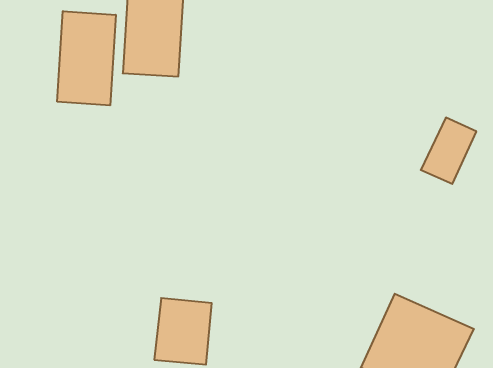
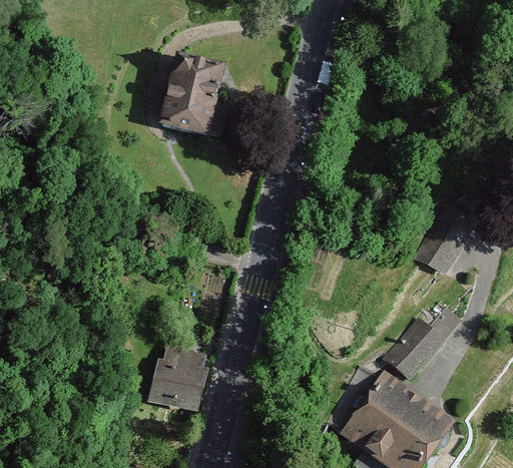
building: [57,11,116,105] -> none
building: none -> [387,318,447,380]

